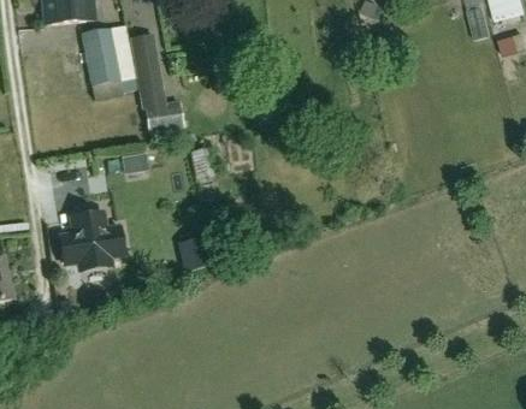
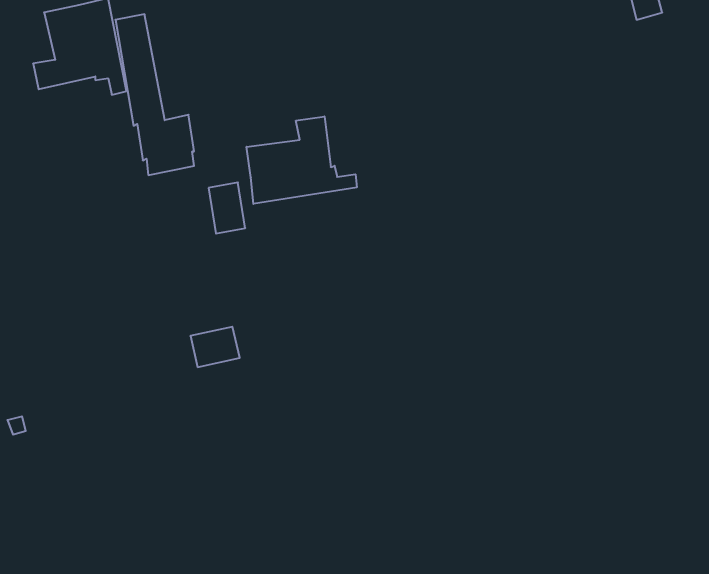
building: none -> [247,116,357,204]
building: [60,213,114,265] -> none

